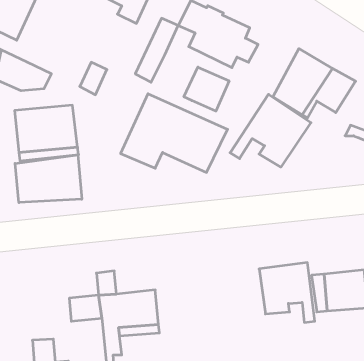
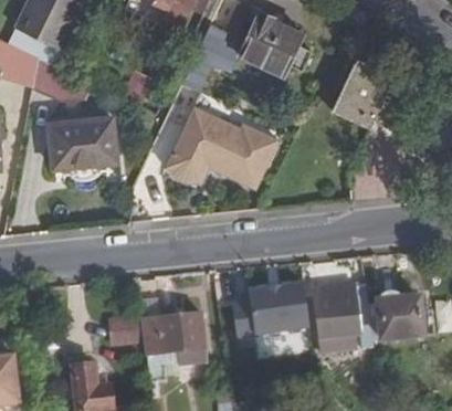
building: [184,67,229,111] -> none
building: [230,94,311,167] -> none
building: [15,155,82,203] -> none
building: none -> [229,280,302,335]

